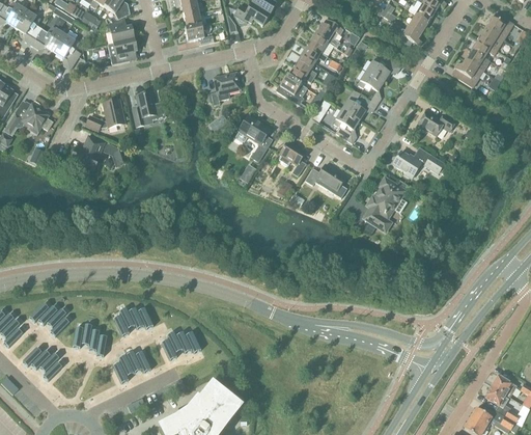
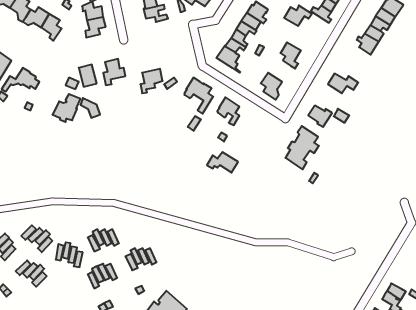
building: [366,55,401,81] -> [284,5,312,26]
building: [212,73,240,104] -> [140,69,163,93]
building: [342,93,376,120] -> none
building: [306,164,345,190] -> [207,152,238,173]

